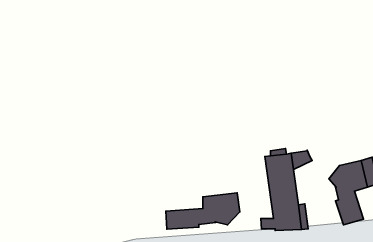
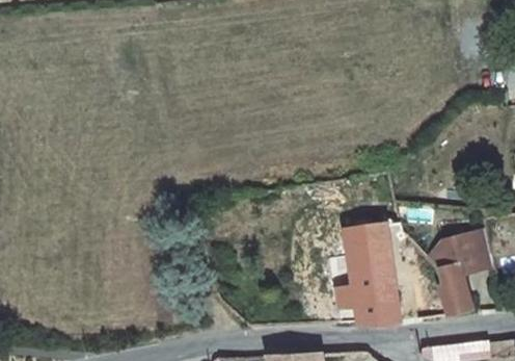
building: [166,193,240,229] -> none

